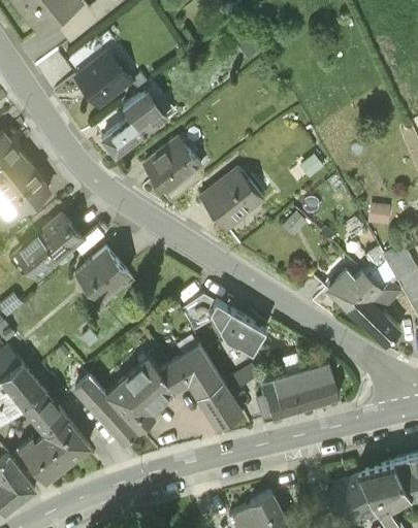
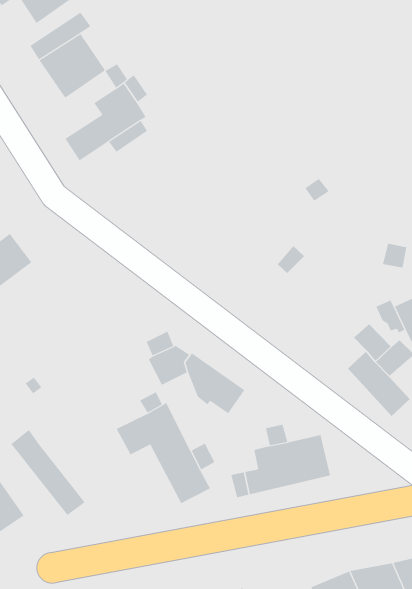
building: [144,135,200,191] -> none
building: [200,166,262,229] -> none
building: [76,250,129,301] -> none
building: [327,271,361,308] -> none
building: [98,358,173,433] -> none

